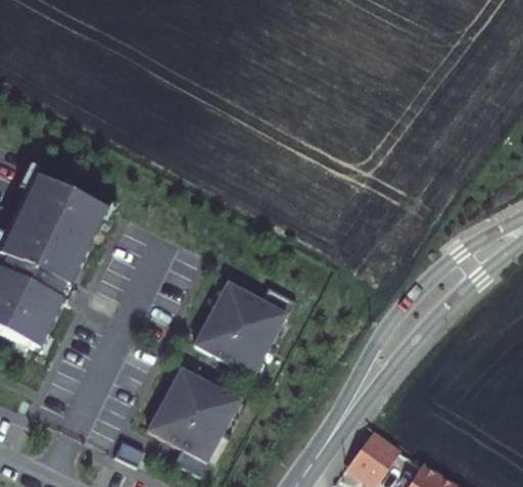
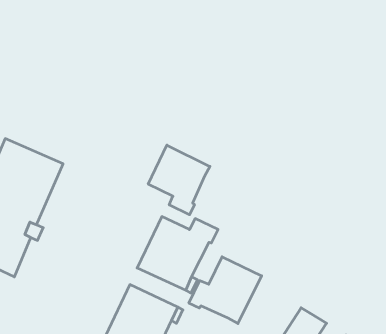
building: none -> [148,145,210,215]
building: none -> [189,257,262,324]

